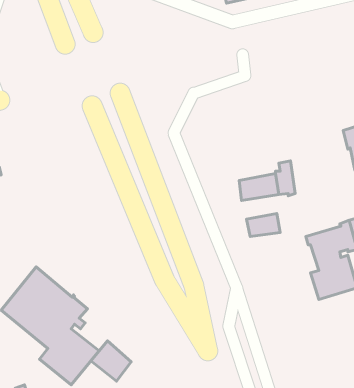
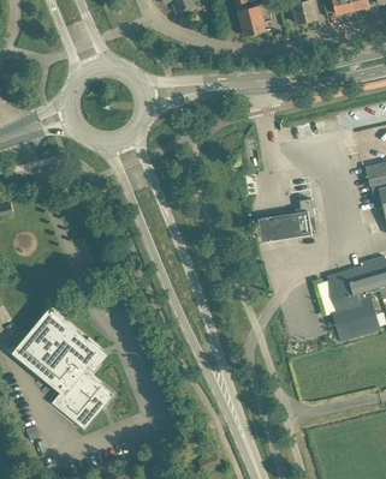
building: [247,214,280,236] -> none
building: [91,341,131,381] -> none

